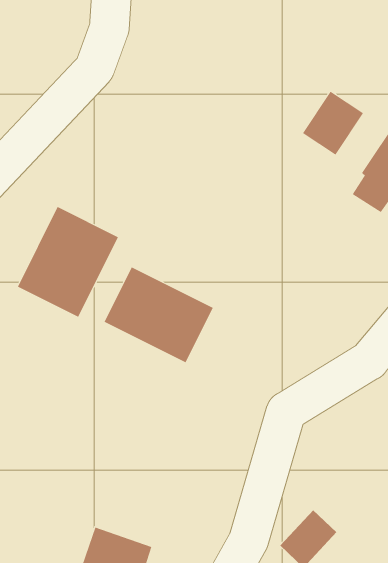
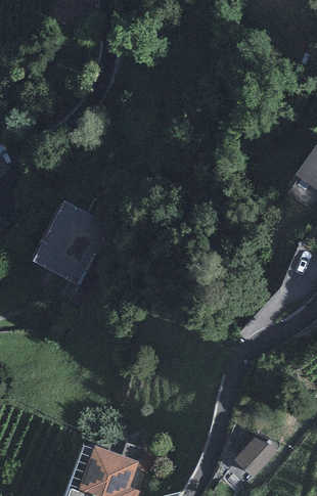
building: [302,91,364,155] -> none
building: [104,267,214,363] -> none

